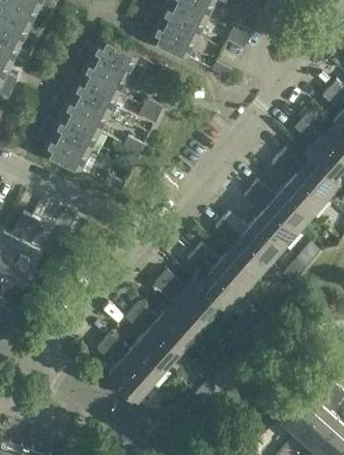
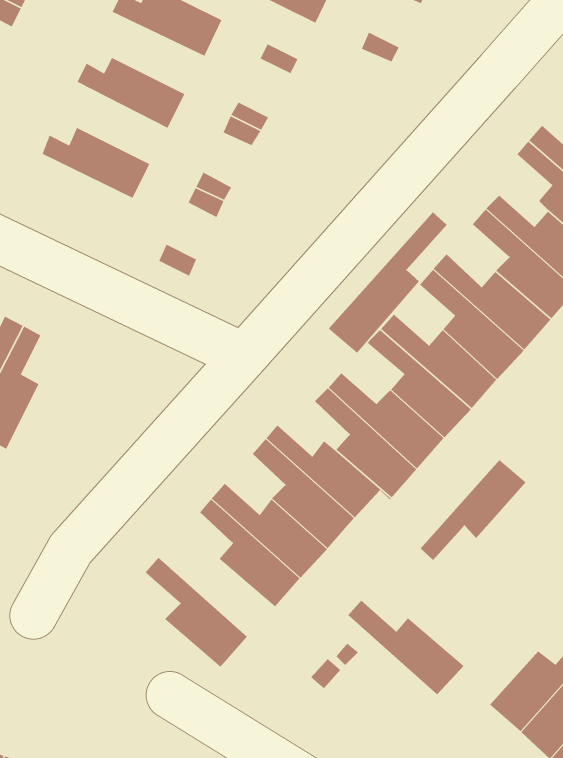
building: [74,54,127,97] -> none
building: [54,91,108,134] -> none
building: [35,129,89,173] -> none
building: none -> [328,211,447,354]
building: none -> [420,459,527,561]
building: [103,335,165,386] -> [347,600,464,695]

